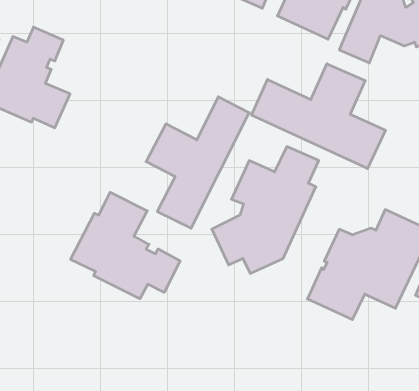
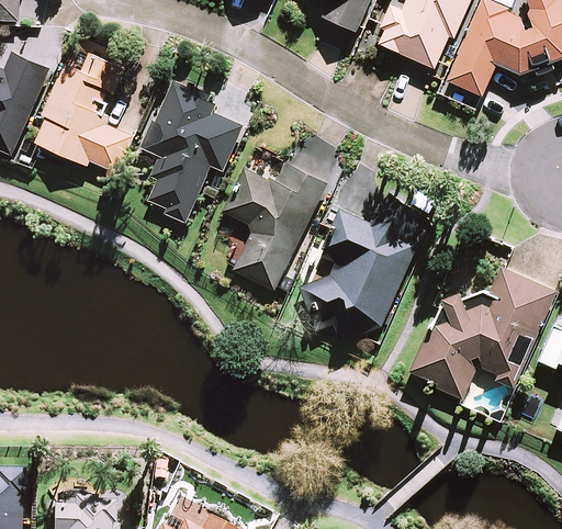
building: none -> [144,80,243,222]
building: [252,64,385,169] -> none
building: [71,192,180,299] -> none

